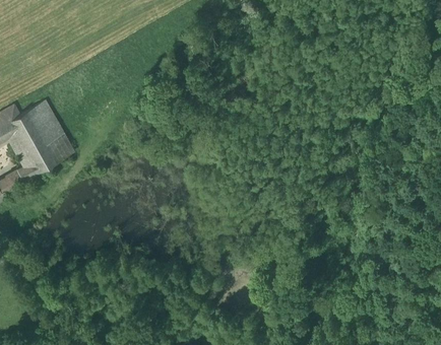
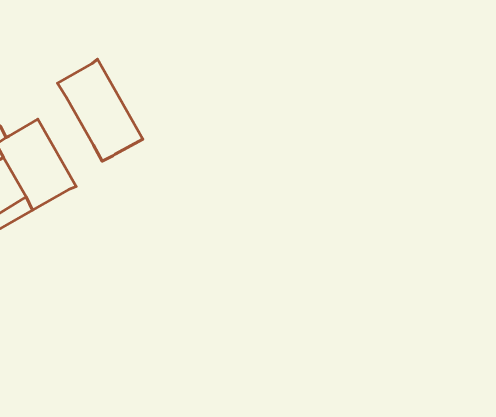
building: none -> [57,59,143,161]

